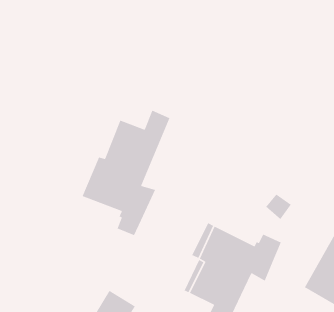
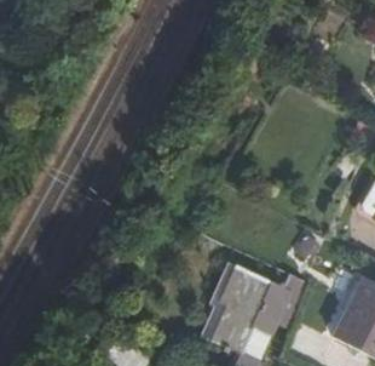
building: [81,110,171,236] -> none

